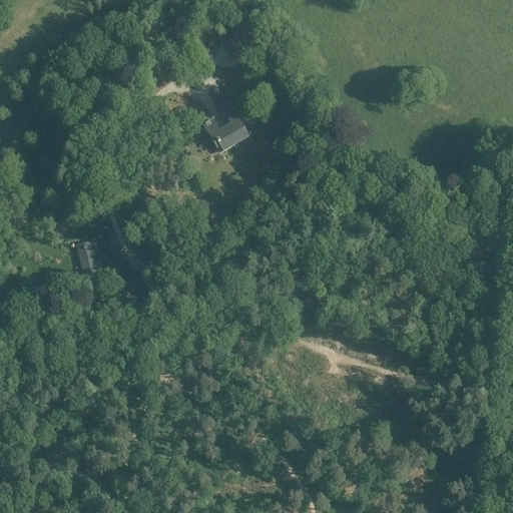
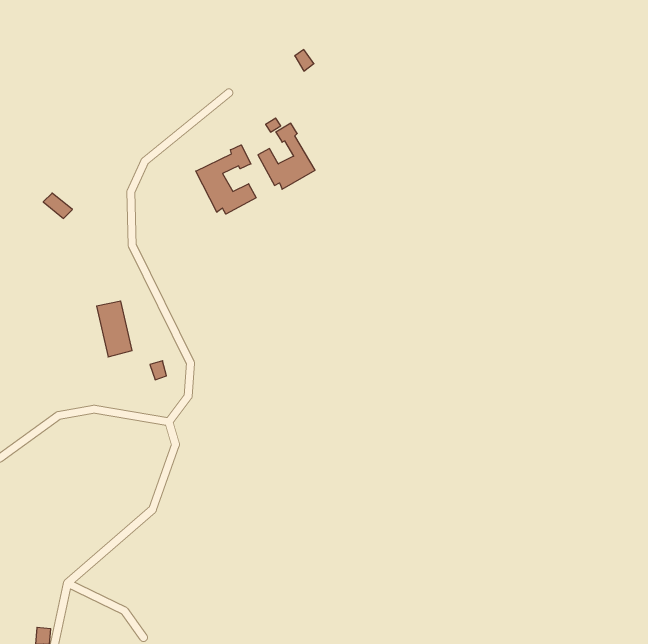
building: none -> [196,145,256,214]

